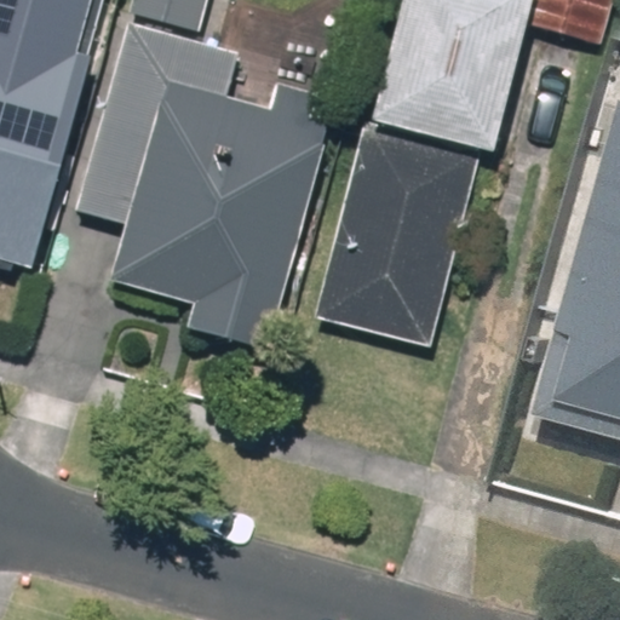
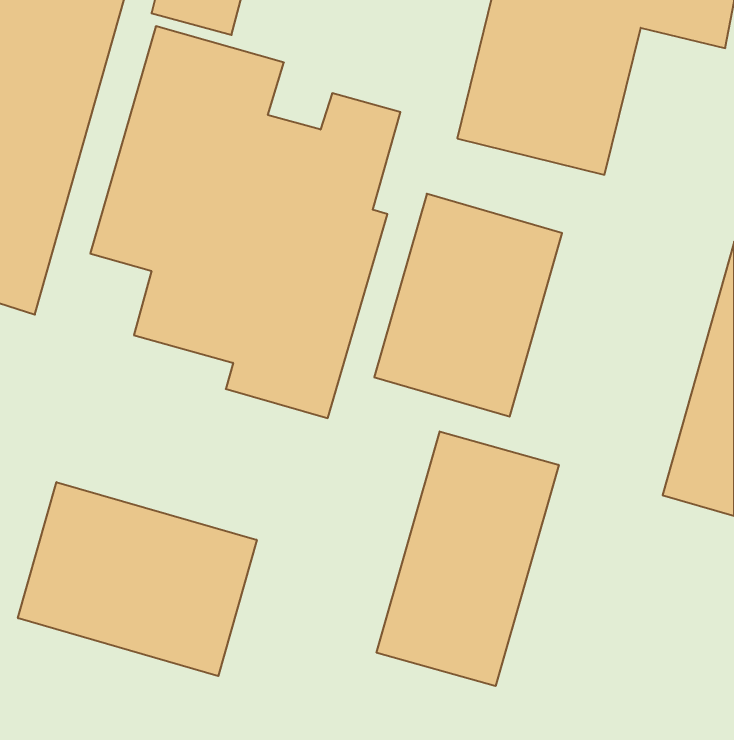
building: none -> [377,431,559,686]
building: none -> [18,482,257,676]

